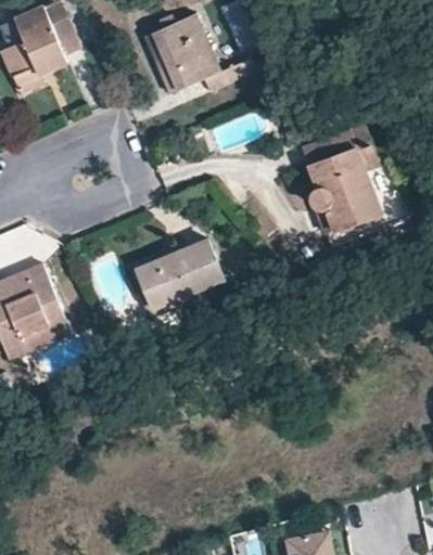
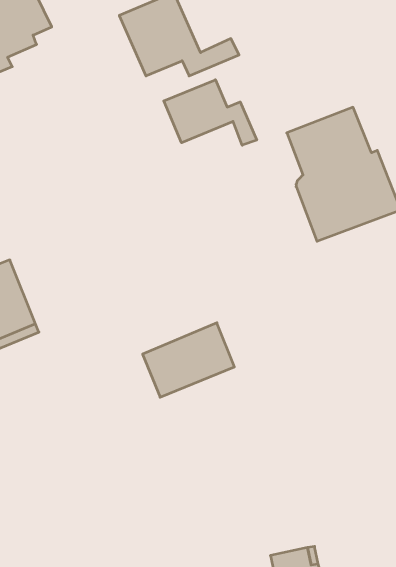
building: none -> [164,80,257,145]
building: [136,238,221,308] -> [143,323,234,397]

